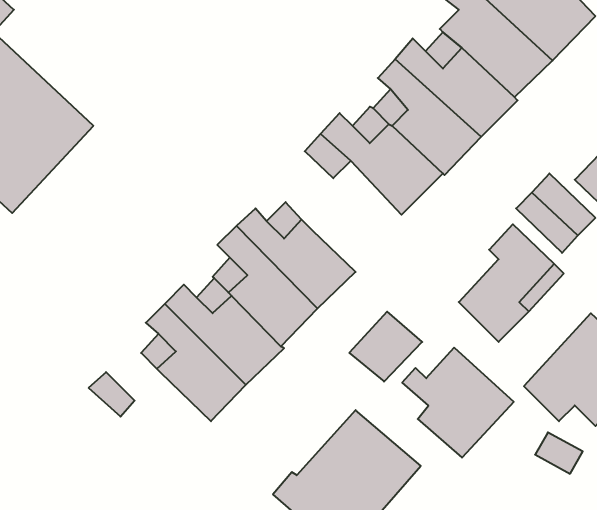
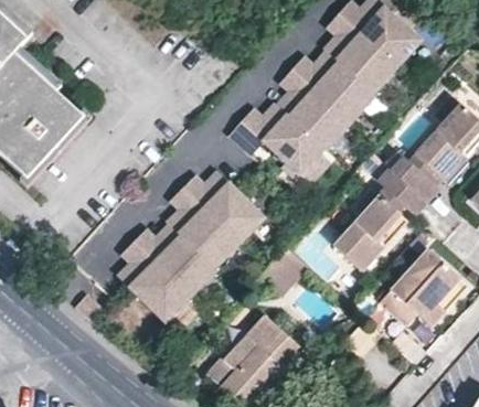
building: [402,348,514,458] -> none

